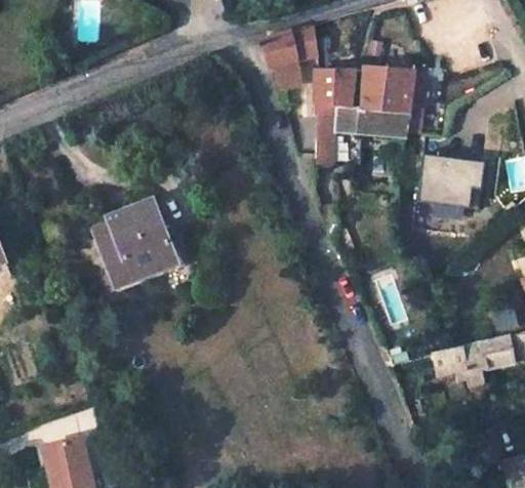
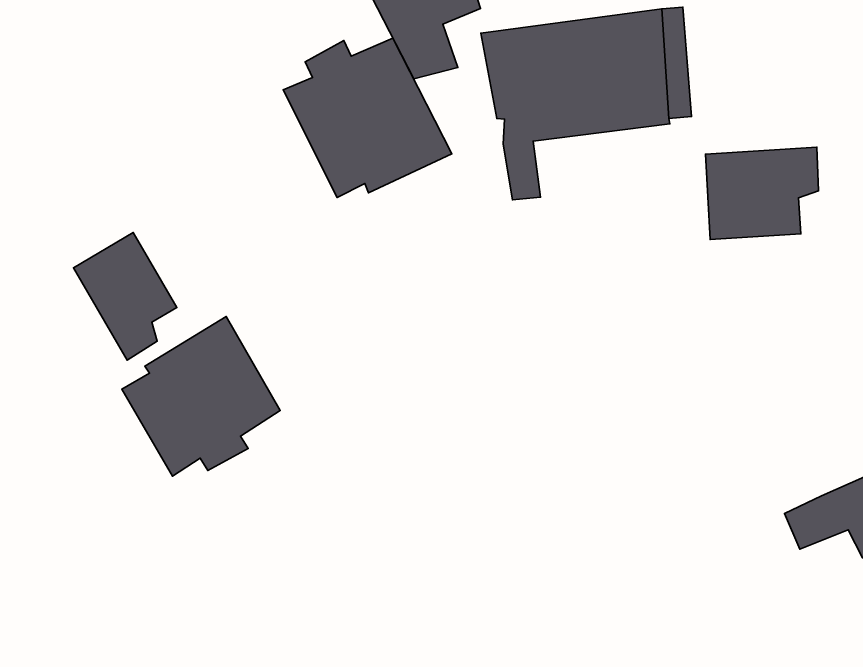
building: none -> [283,38,452,198]
building: none -> [74,233,177,360]

